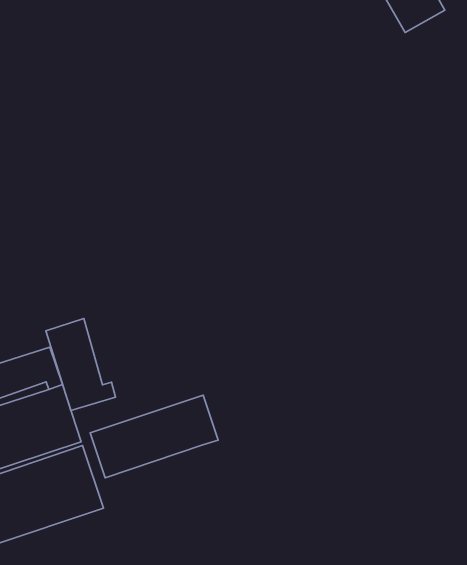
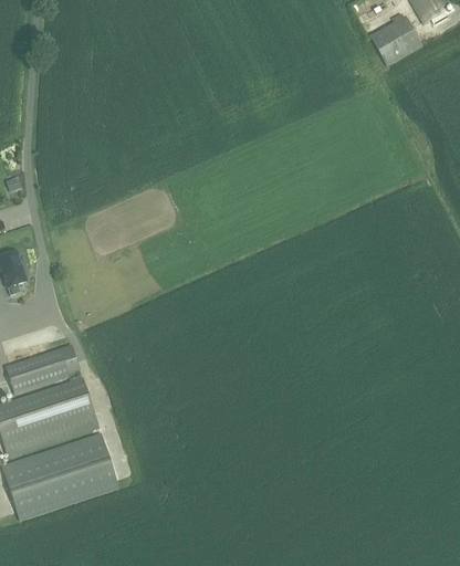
building: [46,319,115,411] -> none
building: [90,395,218,478] -> none

